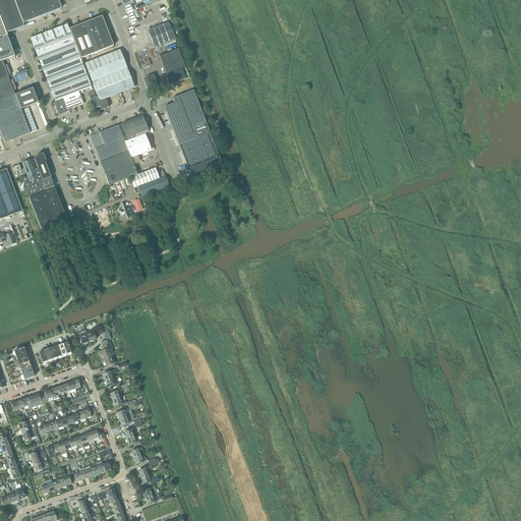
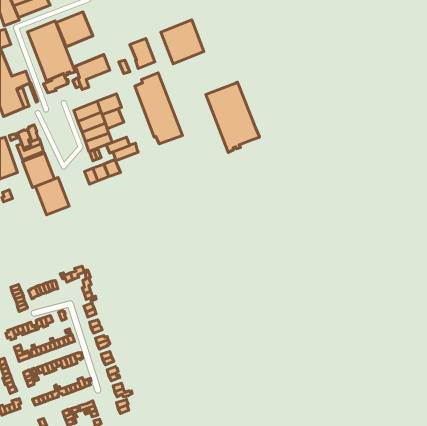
building: [147,20,174,46] -> none
building: none -> [161,20,204,64]
building: [83,48,126,80] -> none
building: none -> [206,82,259,152]
building: none -> [36,178,69,215]

